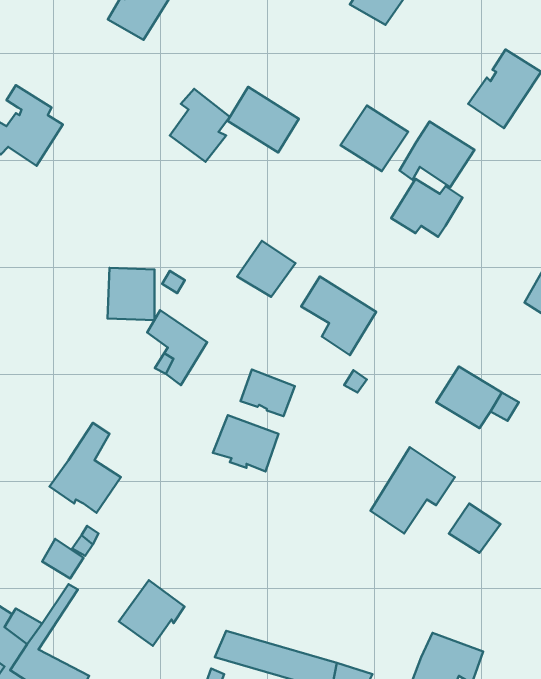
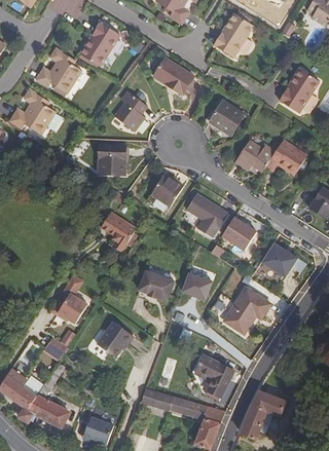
building: none -> [36,47,81,91]
building: [227,87,299,153] -> [154,58,193,93]
building: [399,122,474,187] -> [265,139,306,175]
building: [107,268,154,320] -> [99,145,124,174]
building: none -> [221,217,255,250]
building: [240,369,295,416] -> [181,273,211,299]
building: [449,503,501,553] -> none
building: none -> [197,355,232,396]
building: [119,580,185,646] -> [97,321,133,356]

